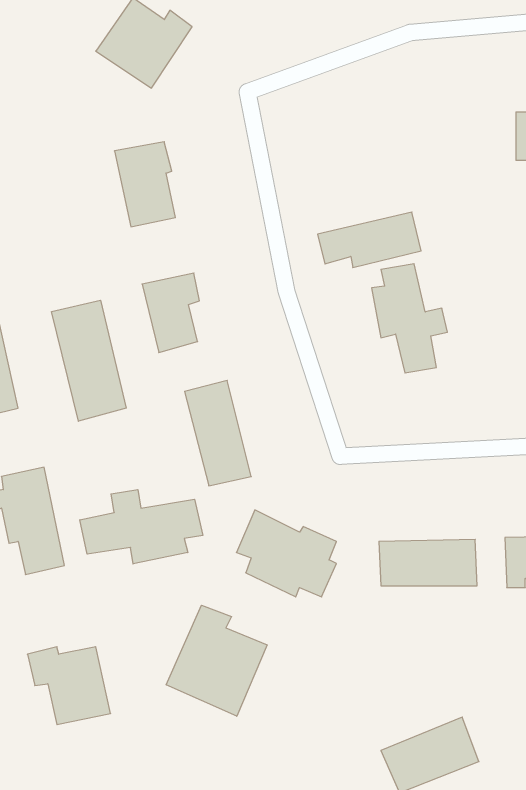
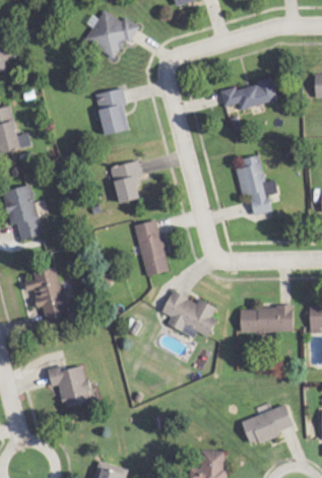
building: [318,212,421,268] -> [219,79,276,110]
building: [52,300,126,421] -> none
building: [80,490,203,564] -> none
building: [166,605,267,716] -> none

